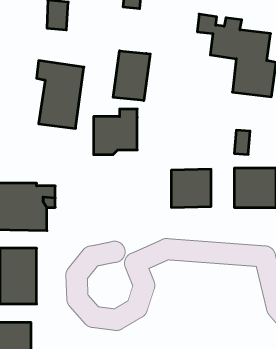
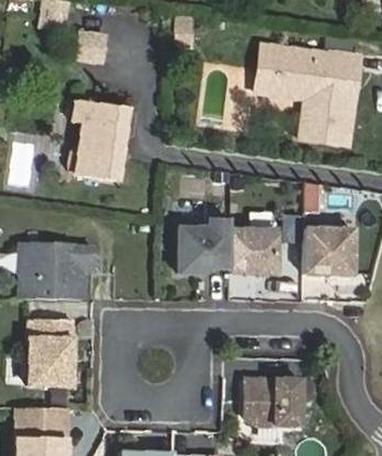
building: [113,51,150,101] -> none
building: [94,109,137,155] -> [178,219,230,272]
building: none -> [246,378,301,424]

